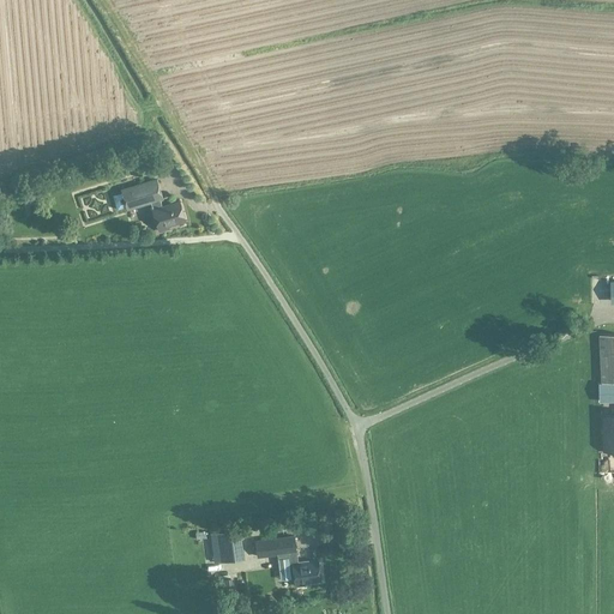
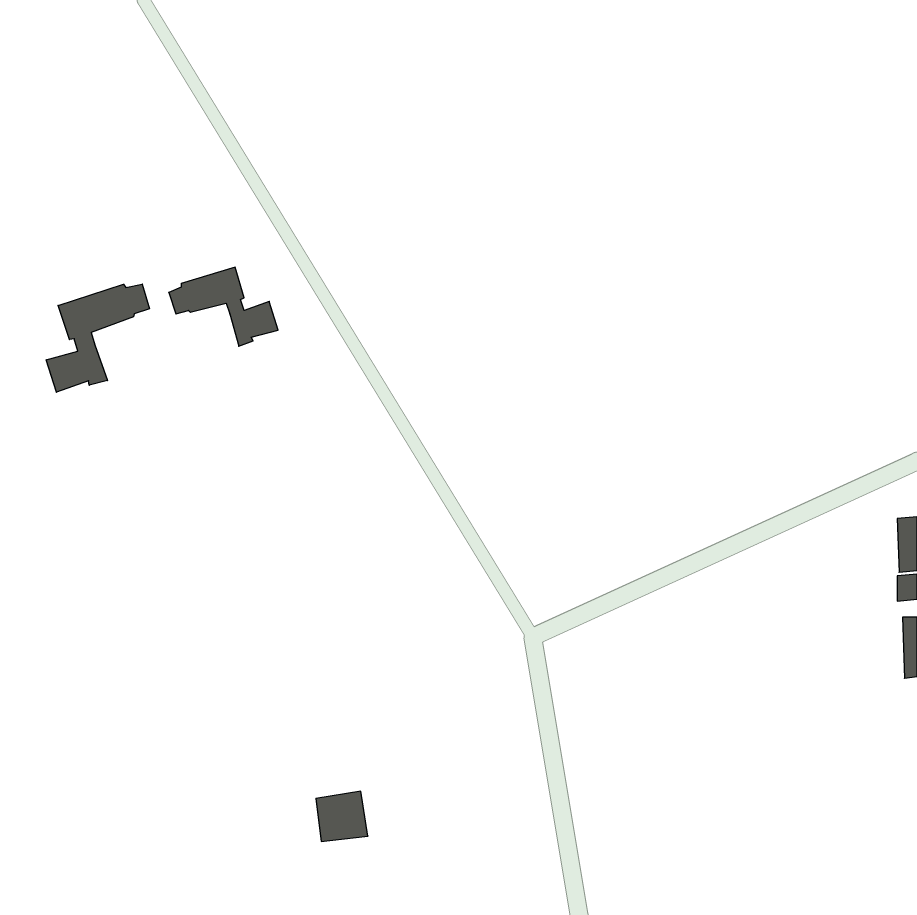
building: none -> [46,284,149,392]
building: [255,536,320,588] -> none

